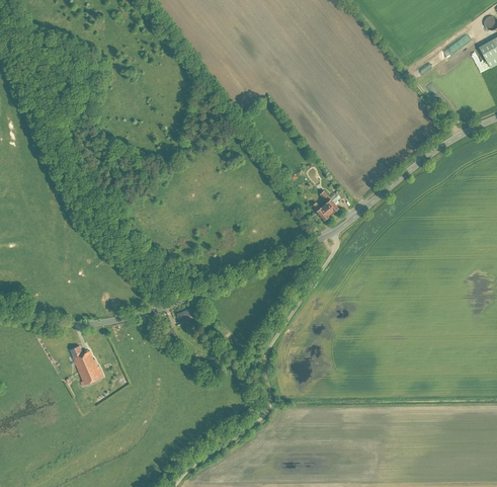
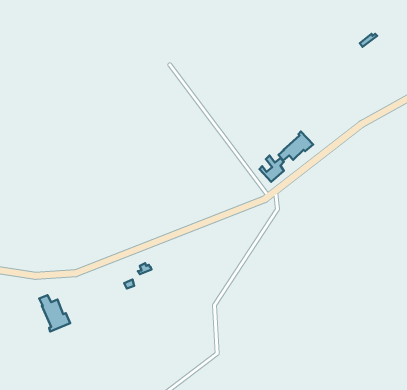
building: none -> [278,131,313,160]

